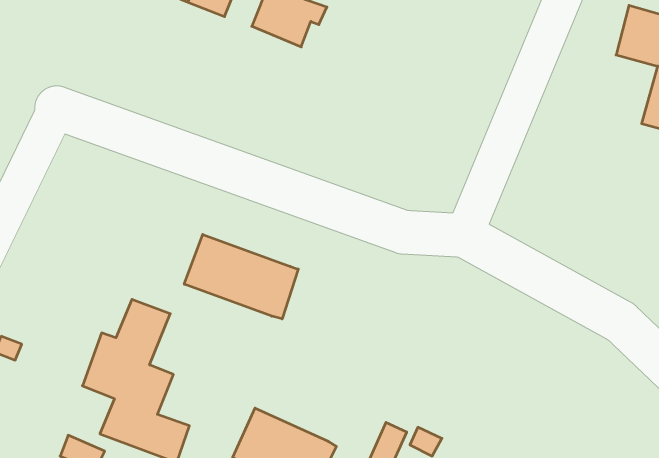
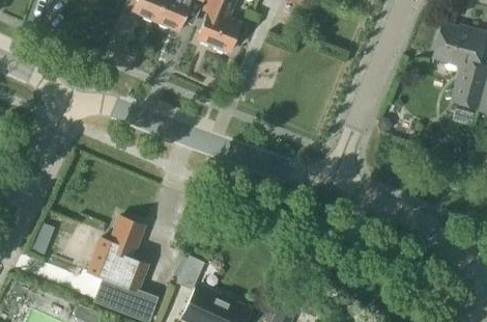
building: [184,234,298,319] -> none
building: none -> [172,254,203,289]

